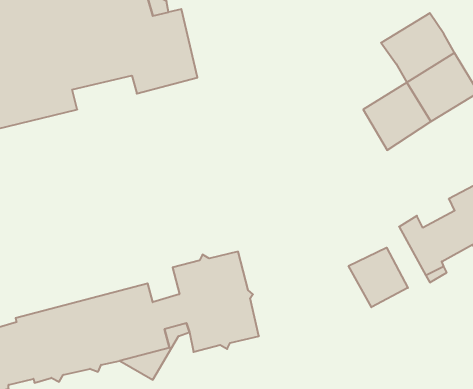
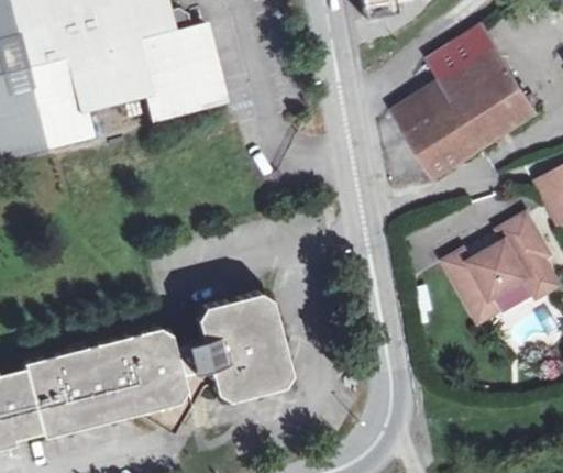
building: none -> [395,84,455,134]
building: [349,248,408,307] -> none

